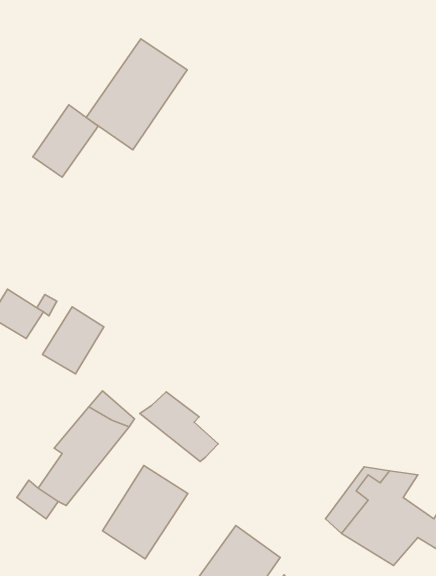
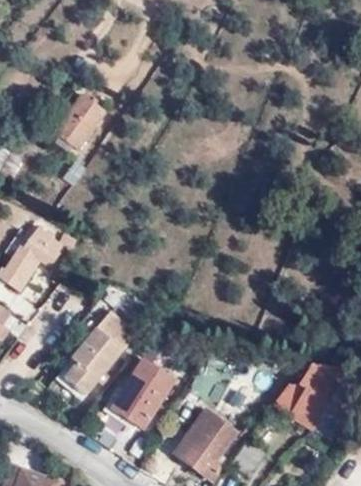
building: [86,39,187,150] -> none
building: [43,307,104,374] -> none
building: [140,392,218,461] -> none

